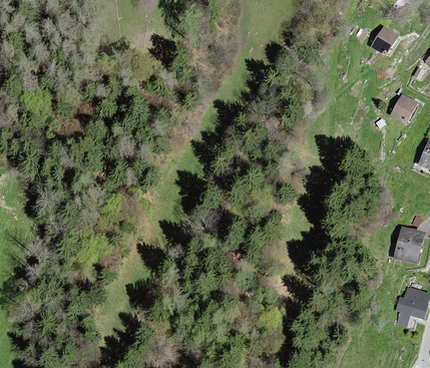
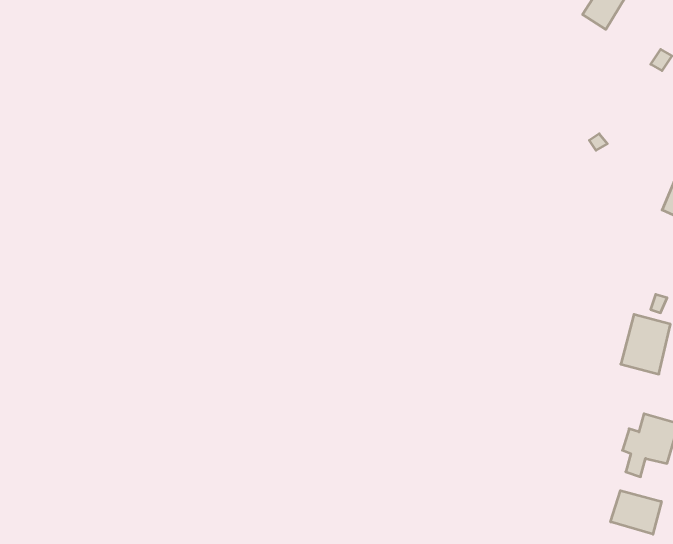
building: [391,93,417,122] -> none
building: none -> [611,491,661,534]

